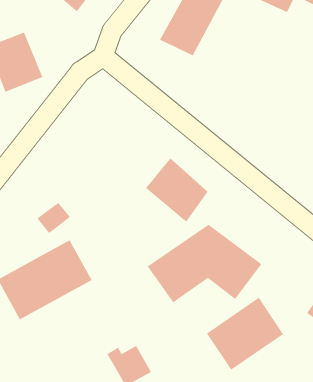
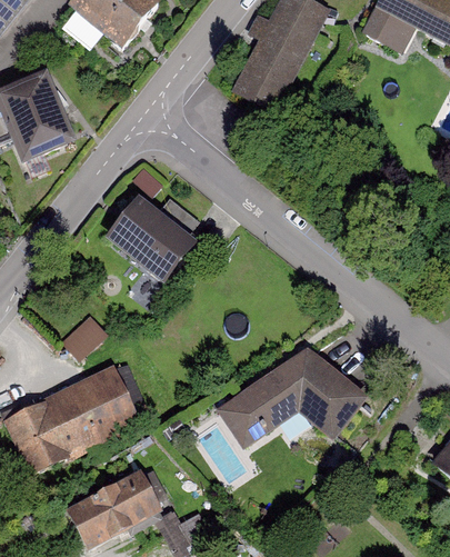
building: [145,158,208,223] -> [106,193,192,282]
building: [206,297,284,371] -> none
building: none -> [67,471,162,549]

